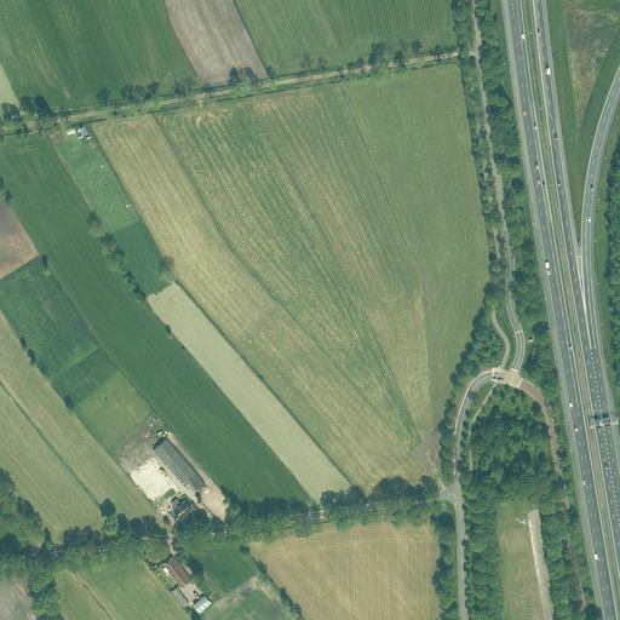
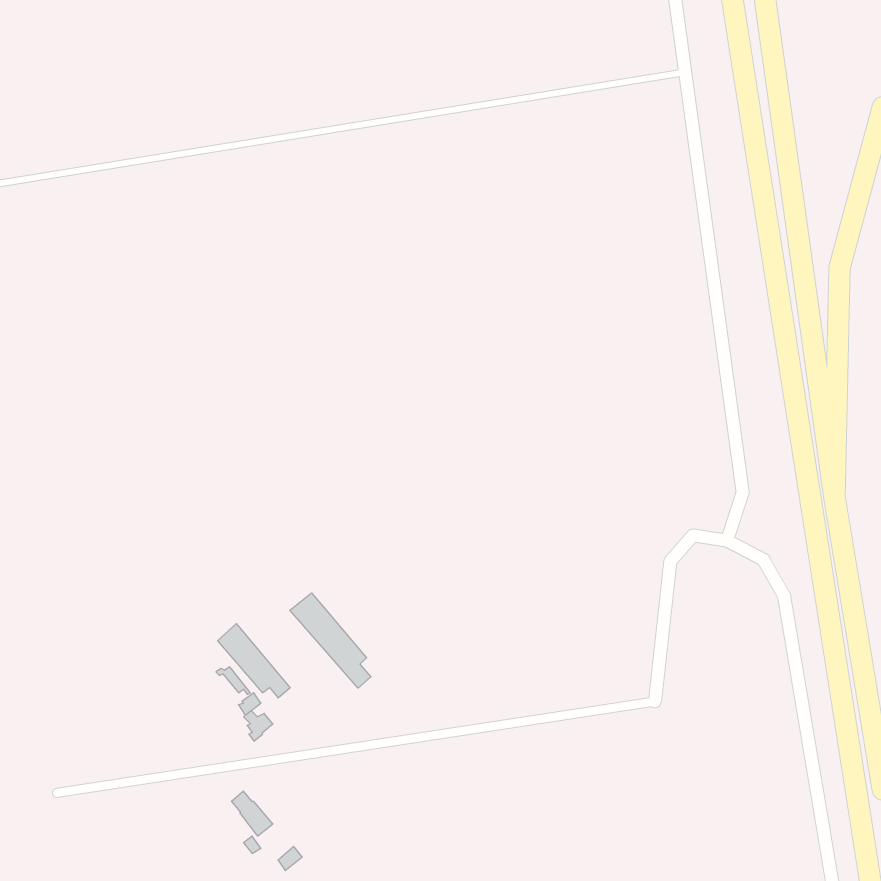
building: none -> [290,593,371,688]

